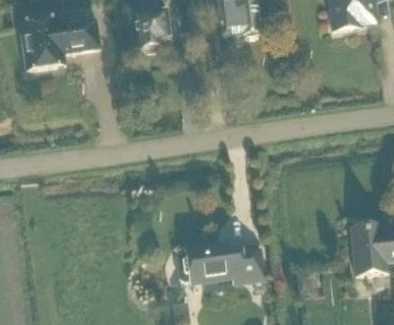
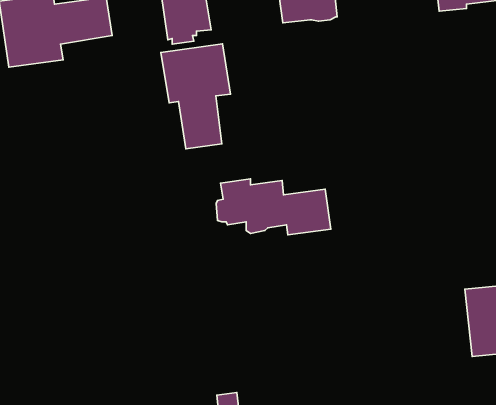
building: none -> [161,44,231,149]
building: [182,242,264,282] -> [216,179,331,235]

